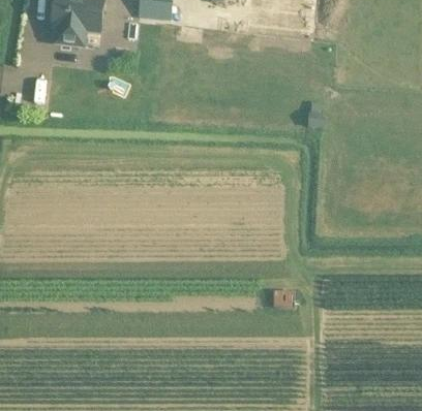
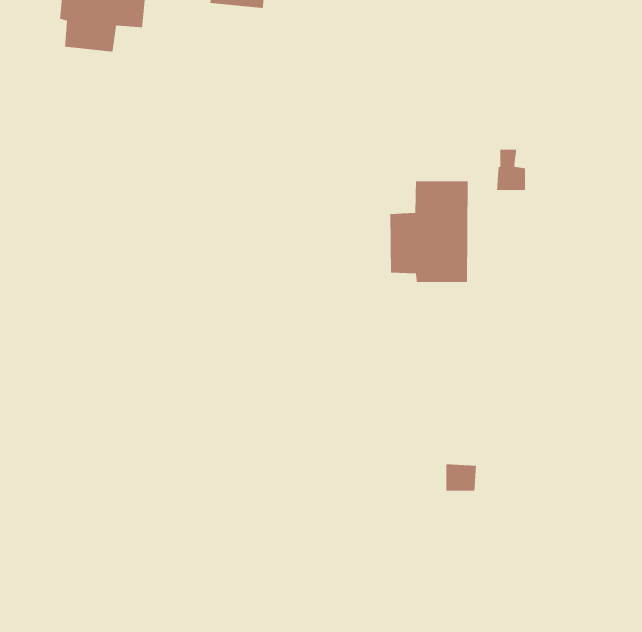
building: none -> [390,180,468,283]

